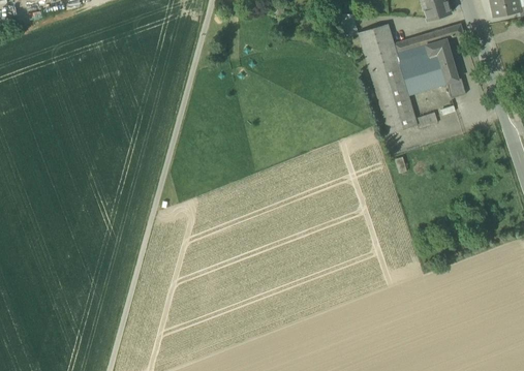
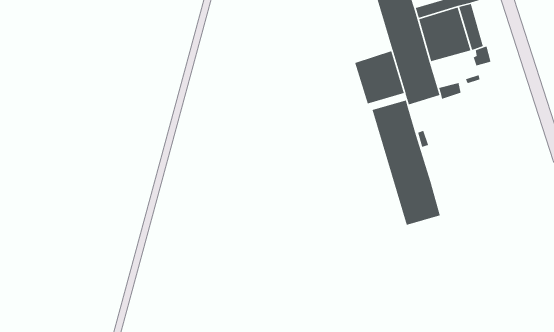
building: none -> [354,50,405,104]
building: none -> [372,100,441,226]

